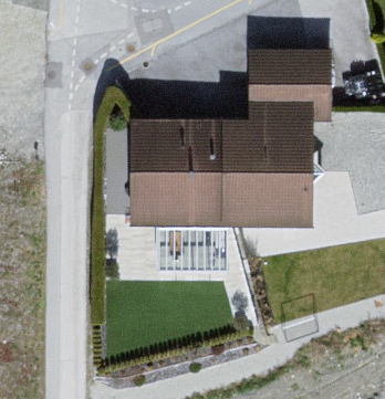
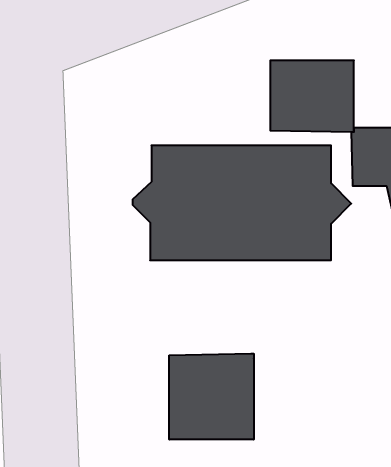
building: none -> [169,354,254,440]

